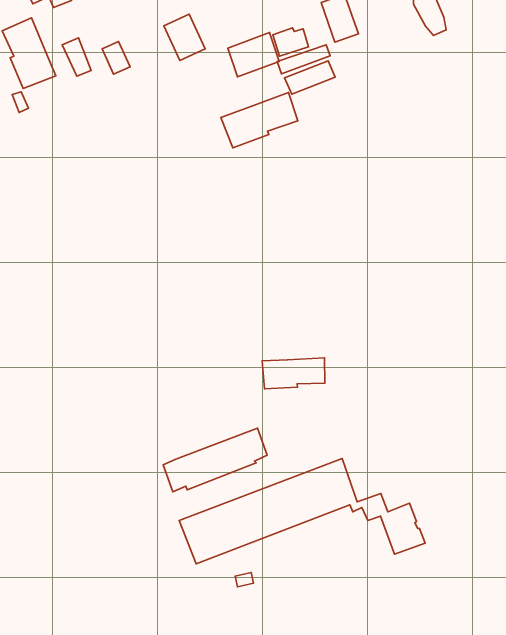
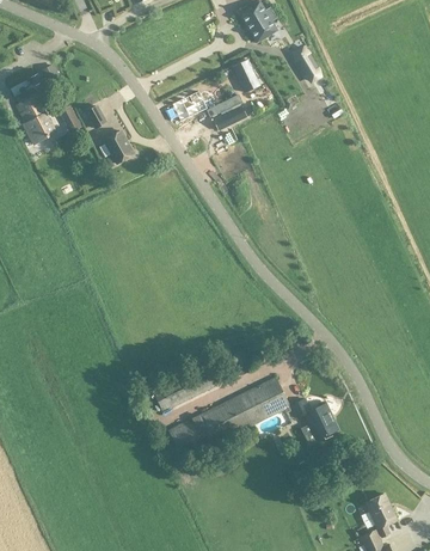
building: [164,14,205,60] -> [103,130,133,163]
building: [221,93,298,148] -> none
building: [262,358,325,389] -> none

